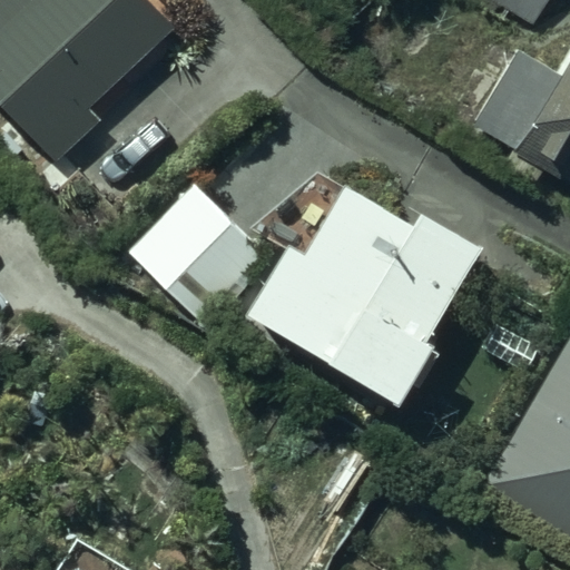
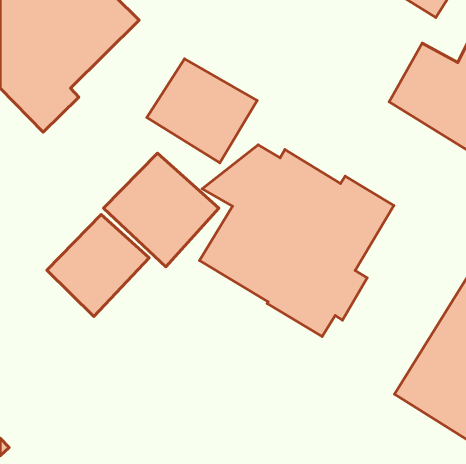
building: none -> [147,59,257,163]
building: none -> [47,215,149,317]

